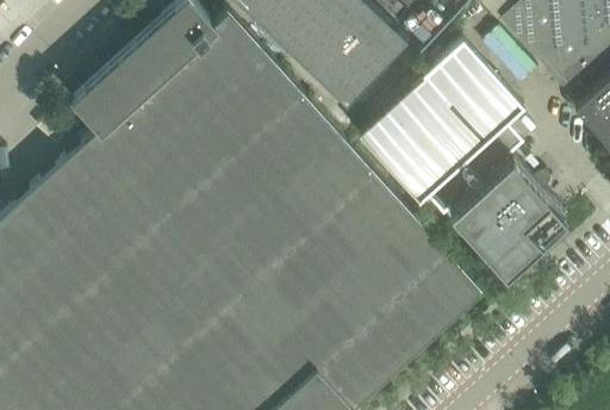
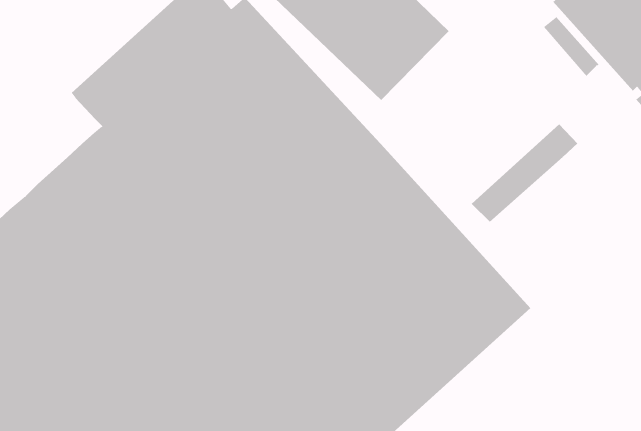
building: [357,41,522,203] -> none
building: [452,160,566,273] -> none

